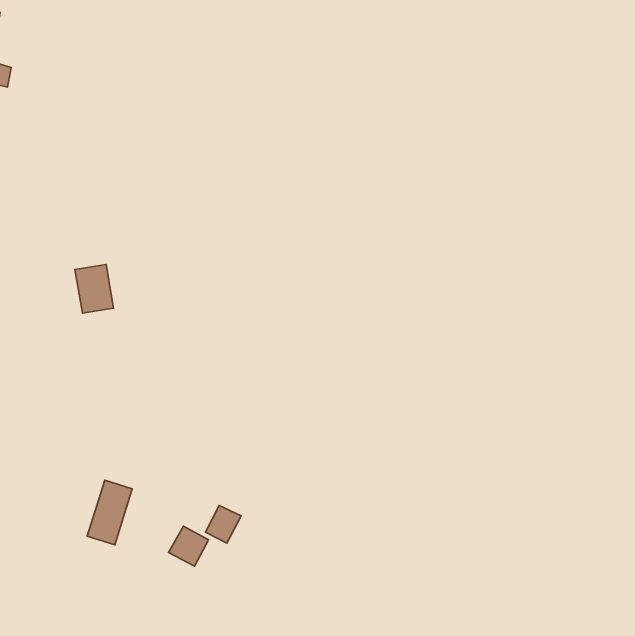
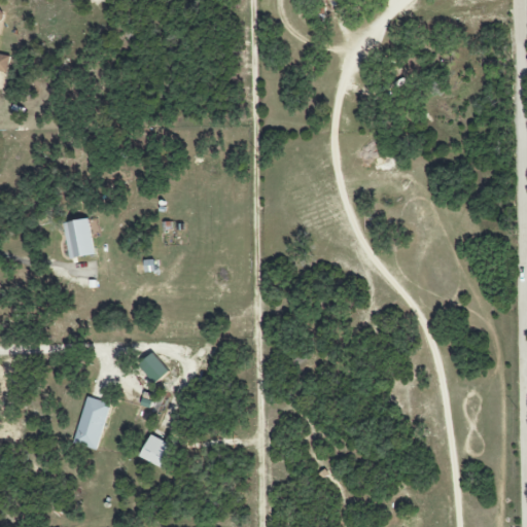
building: none -> [138,352,168,383]
building: [206,505,241,543] -> none

